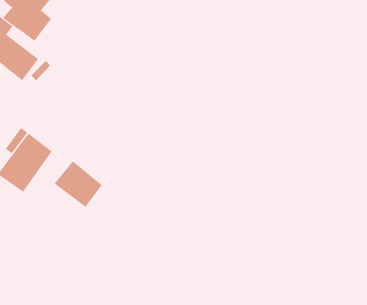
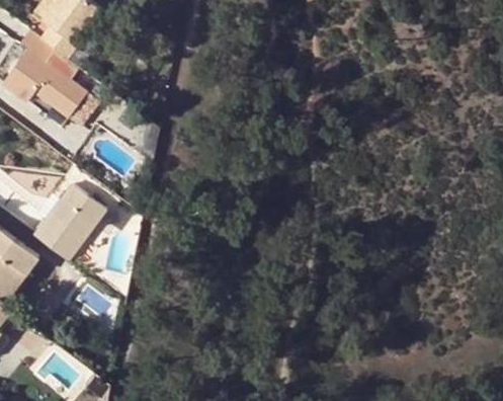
building: [54,160,102,208] -> none

